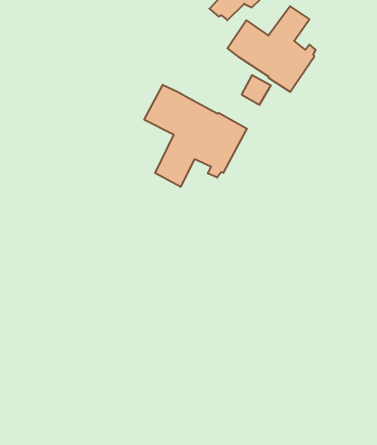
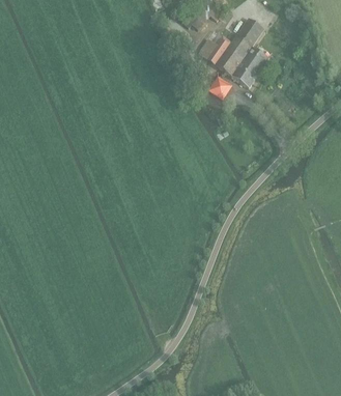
building: [144,85,247,187] -> none

